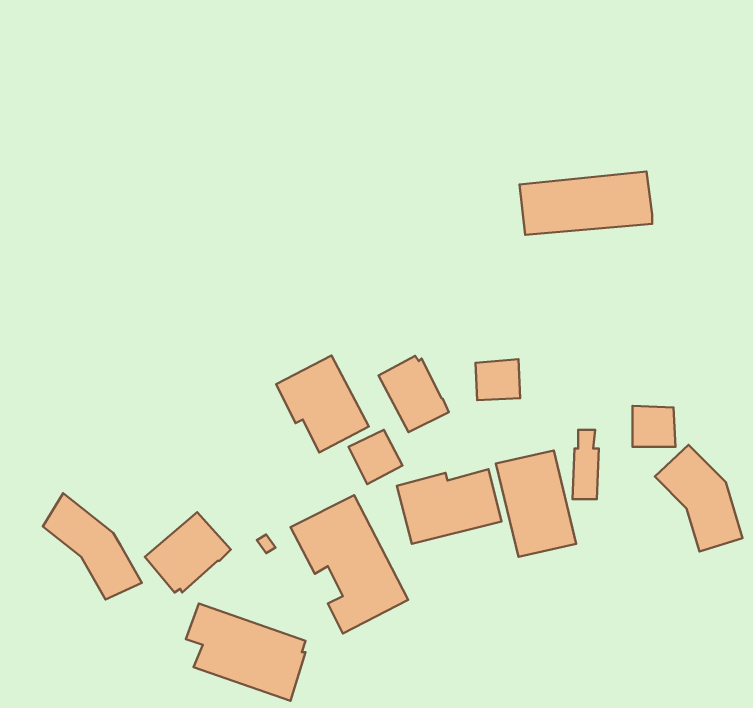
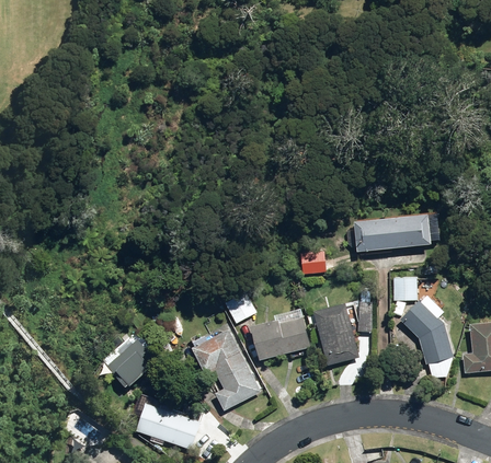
building: [519,171,652,235] -> [357,213,435,251]
building: [276,356,369,453] -> none
building: [379,356,449,432] -> none
building: [43,493,142,600] -> none

